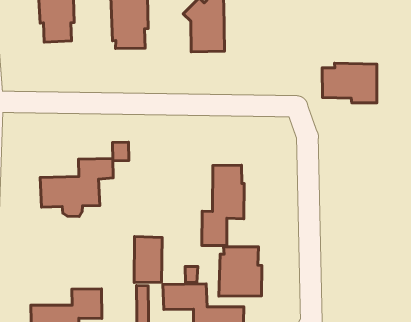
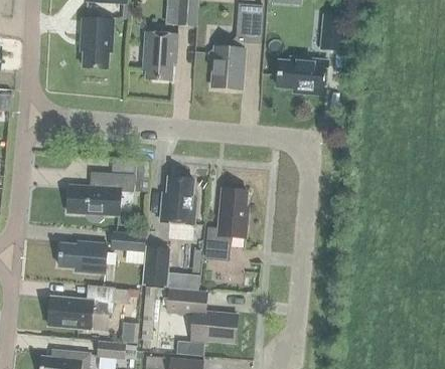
building: [322,63,377,103] -> [277,56,327,95]
building: none -> [160,177,195,223]
building: none -> [111,231,145,250]
building: none -> [58,240,107,272]
building: [219,247,262,296] -> none

